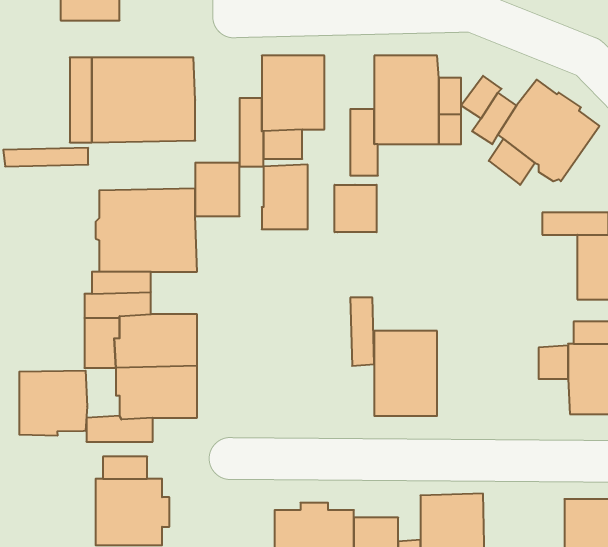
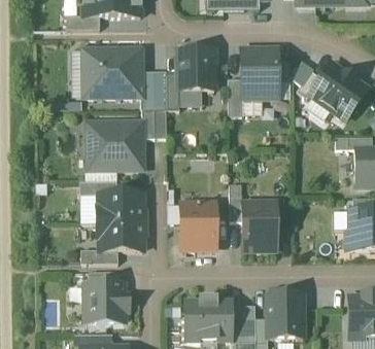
building: [262,165,308,229] -> [141,71,167,107]
building: [335,185,377,232] -> none
building: none -> [181,203,216,248]
building: [19,371,87,436] -> none

